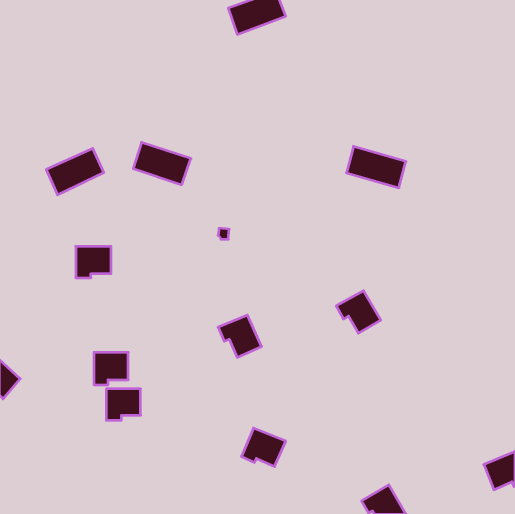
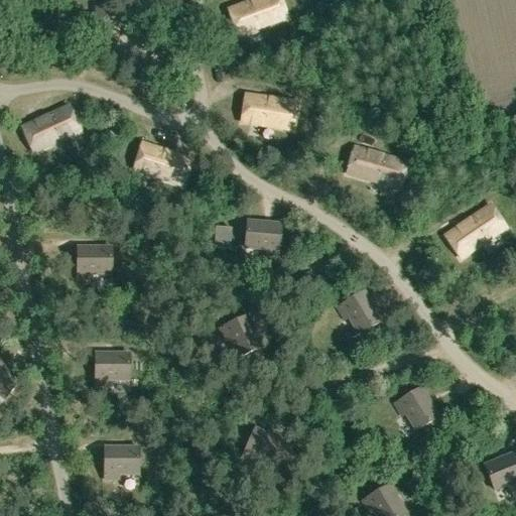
building: none -> [241,94,295,128]
building: [46,148,104,195] -> [21,105,79,151]
building: none -> [444,205,504,257]
building: none -> [244,220,280,254]
building: none -> [393,386,437,429]
building: [106,389,141,420] -> [103,446,137,478]

